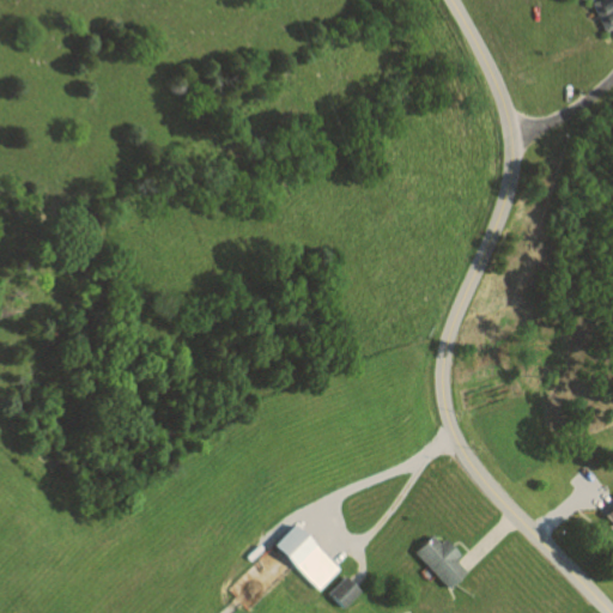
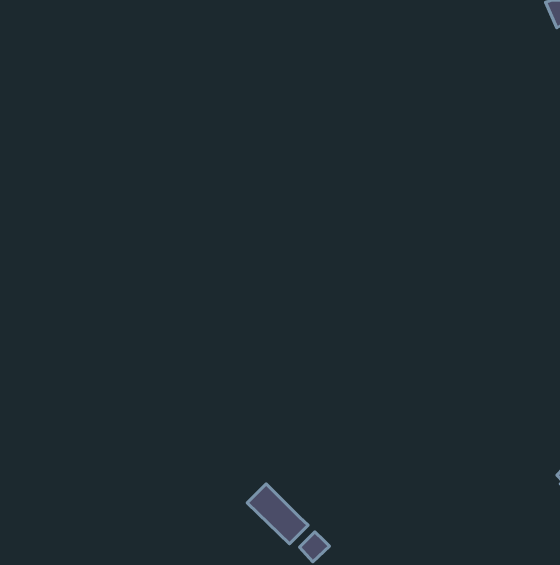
building: [417,534,469,588] -> none

